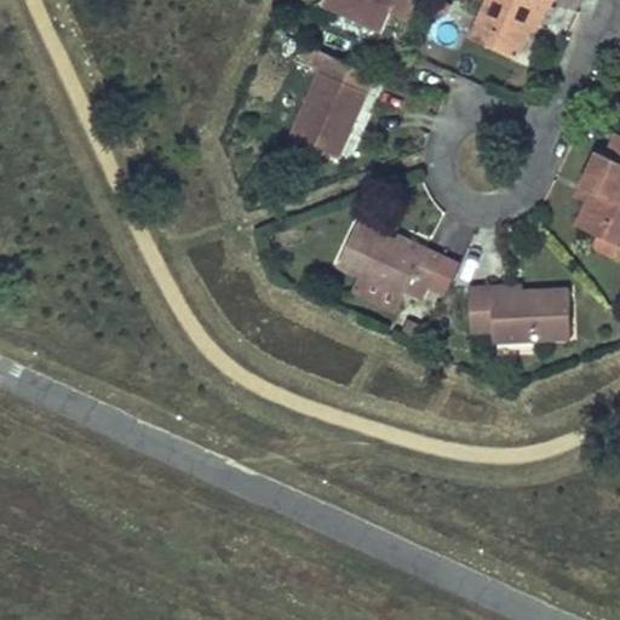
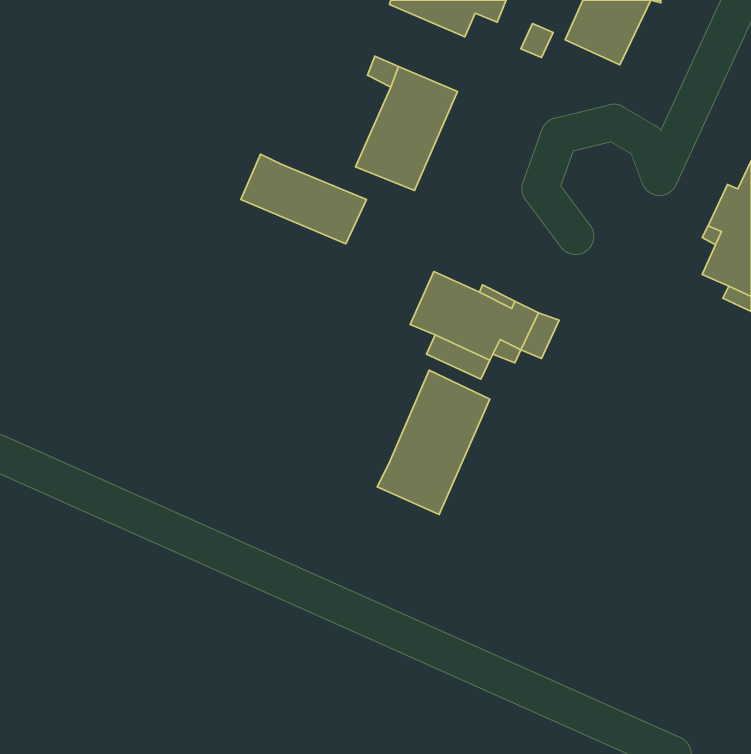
building: none -> [241,154,367,244]
building: [467,287,570,343] -> none
building: none -> [377,370,490,514]

